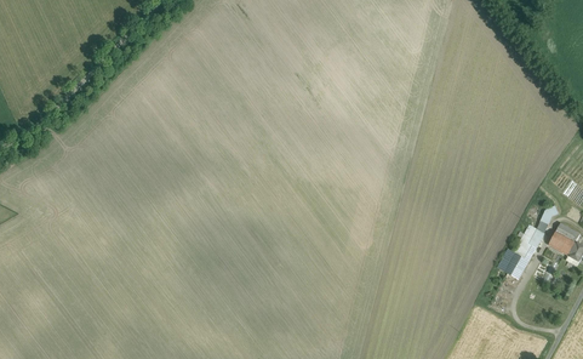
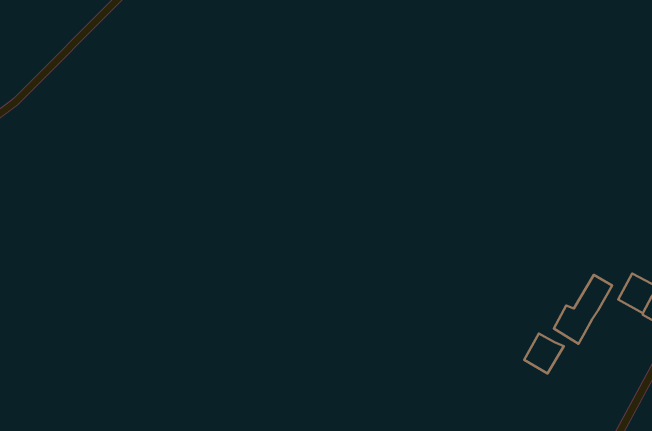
building: none -> [524,333,564,374]

